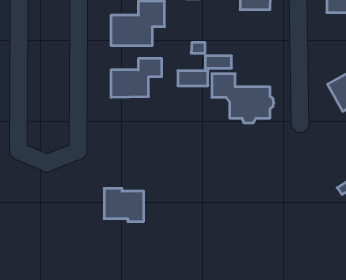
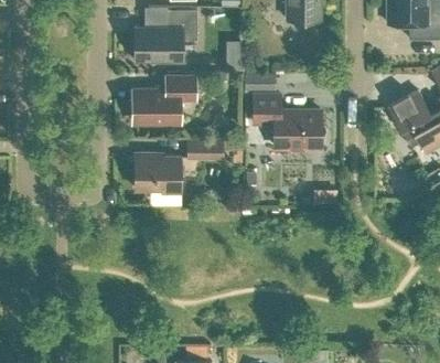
building: [178,71,208,86] -> [187,140,223,158]
building: [104,188,144,221] -> [135,153,181,192]

